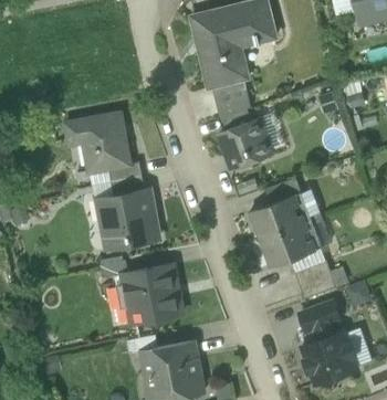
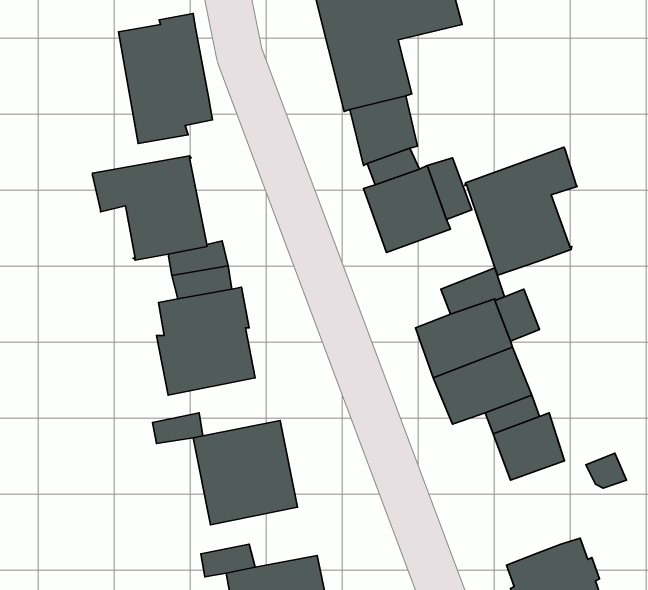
building: none -> [119,14,213,143]
building: none -> [465,147,577,275]
building: [300,303,338,340] -> none

